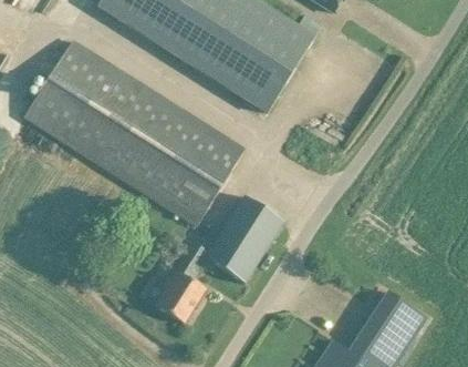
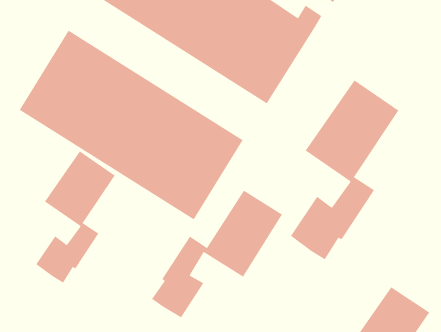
building: none -> [290,79,399,260]
building: none -> [36,151,115,284]

